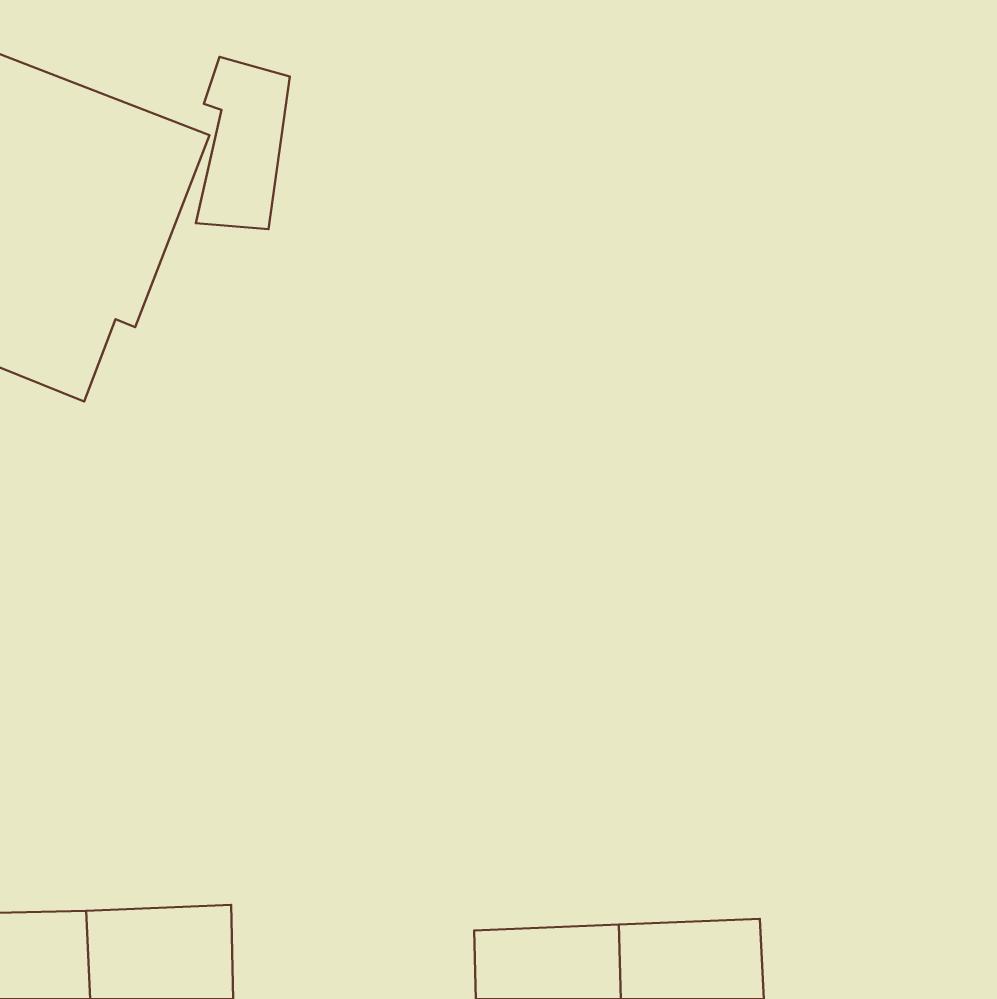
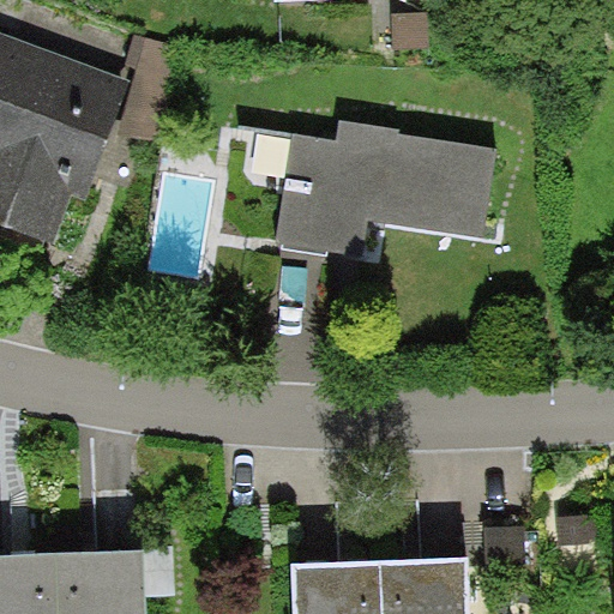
building: none -> [275,120,495,259]

